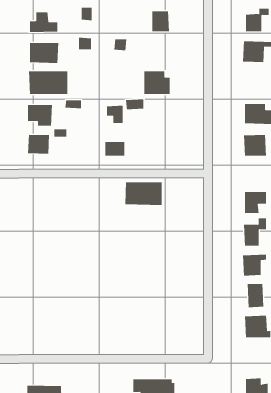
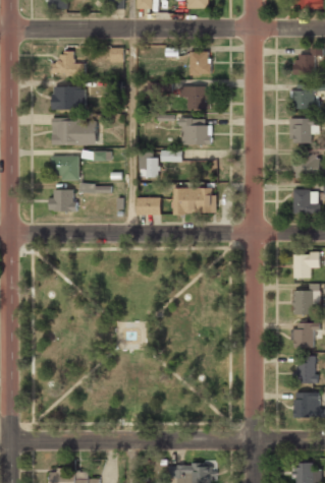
building: none -> [179,85,209,109]
building: none -> [289,118,316,142]
building: [124,182,162,205] -> [172,187,215,214]

